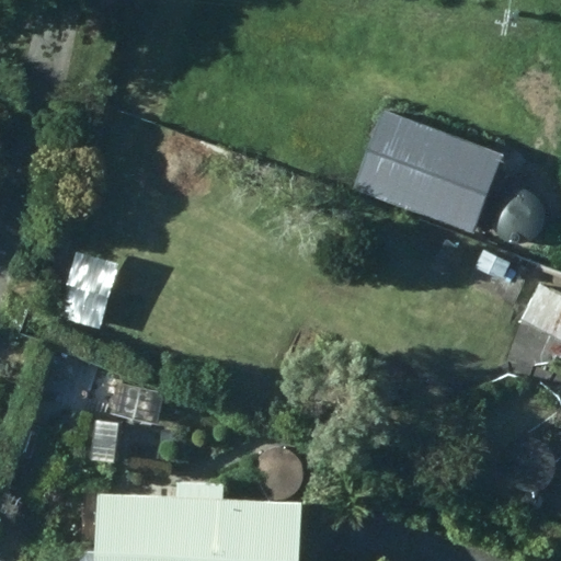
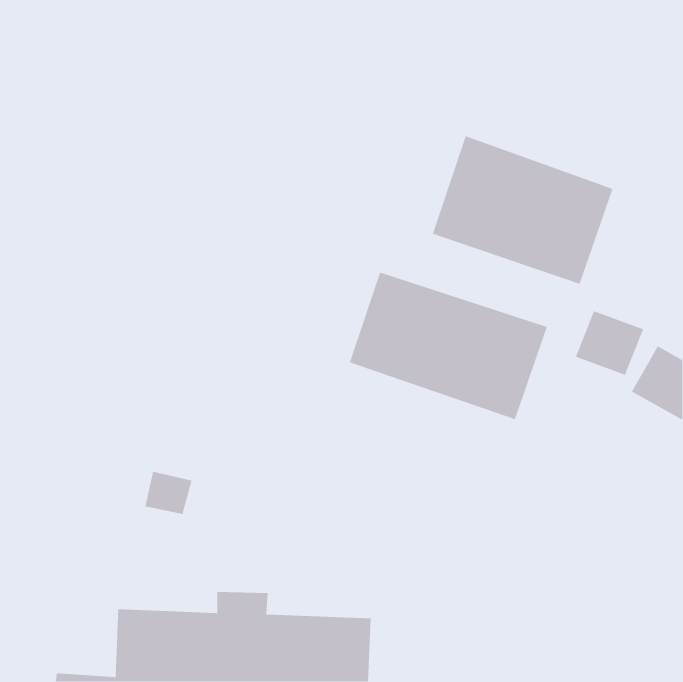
building: none -> [349,271,548,420]

